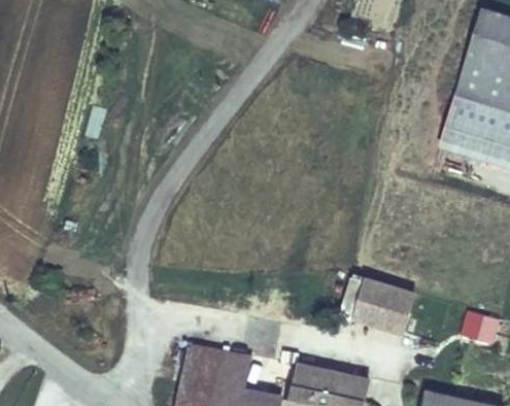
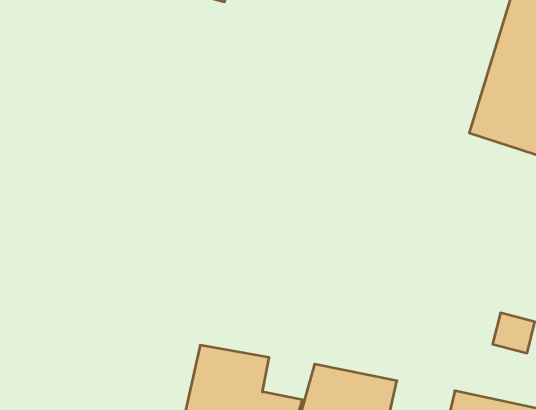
building: [338,271,417,336] -> none

